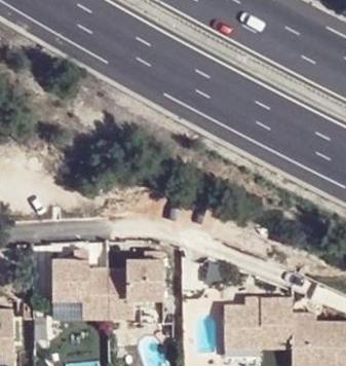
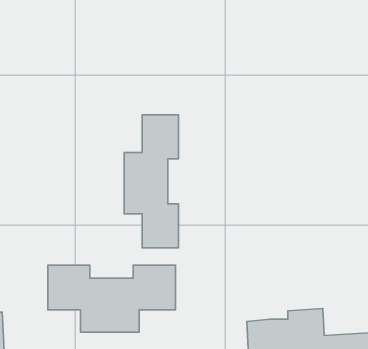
building: none -> [124,115,178,248]

